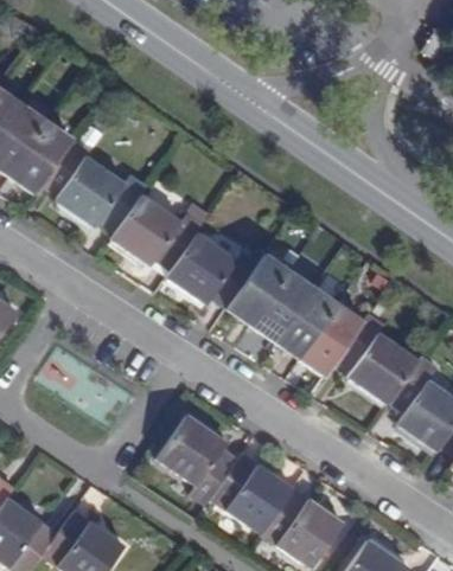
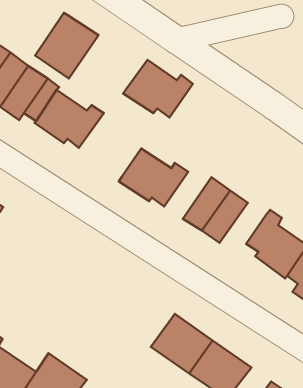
building: none -> [35,13,98,78]
building: [109,194,202,271] -> [123,60,193,117]
building: [228,254,291,327] -> none
building: [301,306,363,376] -> none
building: [158,417,237,505] -> none

